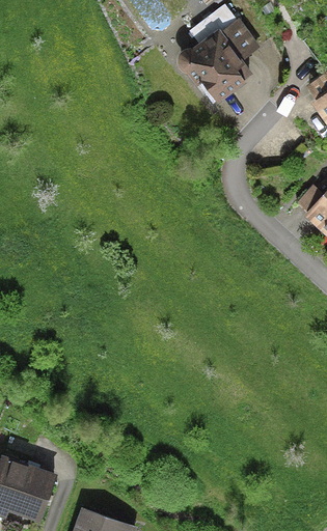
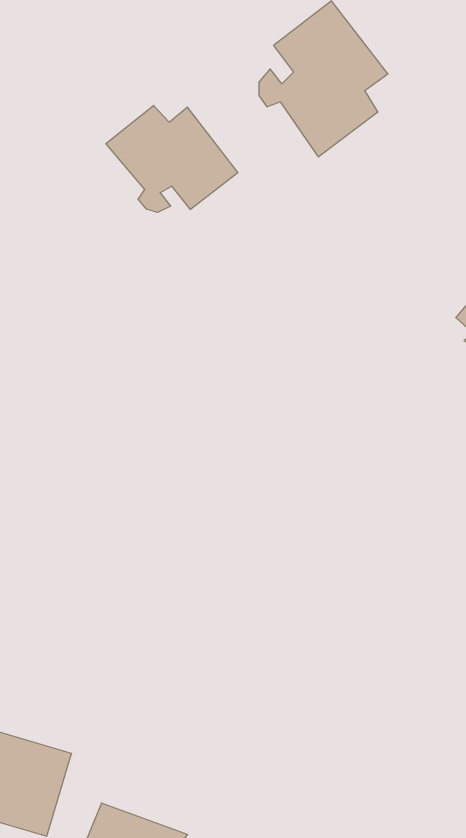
building: none -> [106,105,238,212]

